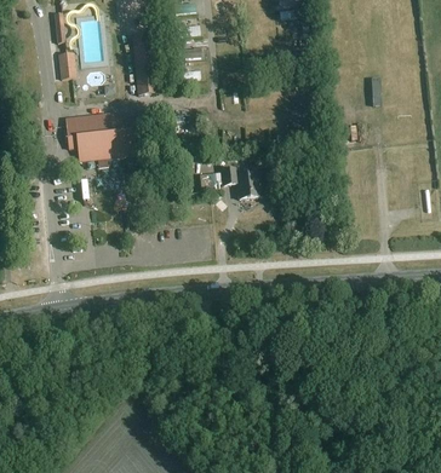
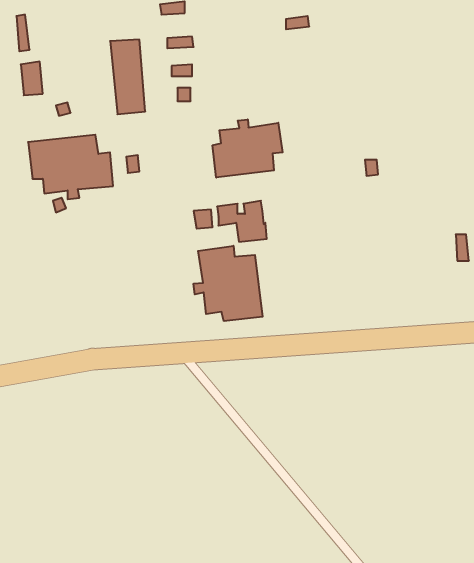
building: none -> [213,119,283,178]
building: none -> [194,246,263,321]

